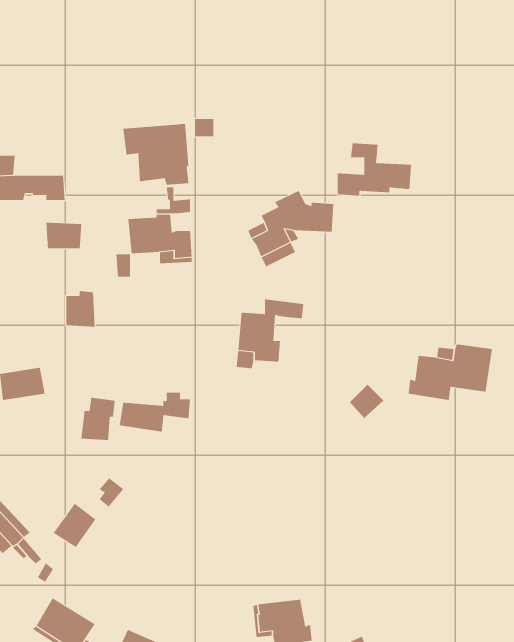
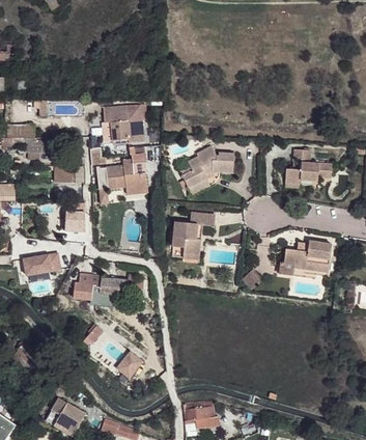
building: [337,143,412,196] -> [285,148,332,182]
building: [53,503,96,548] -> [114,352,141,380]

